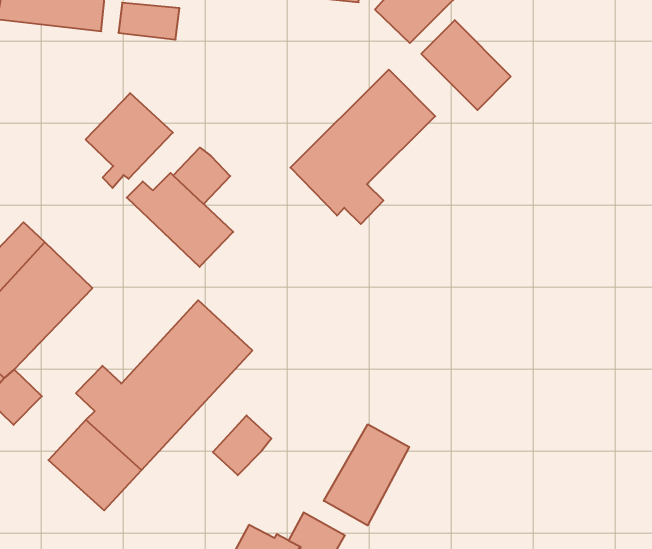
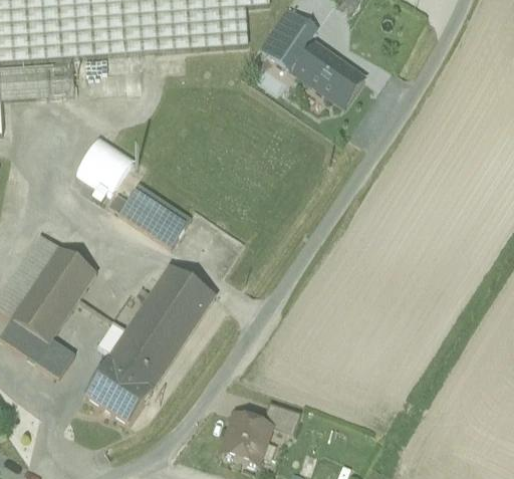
building: [290,70,435,224] -> none
building: [173,148,230,204] -> none
building: [213,415,271,475] -> none
building: [324,424,409,525] -> none

